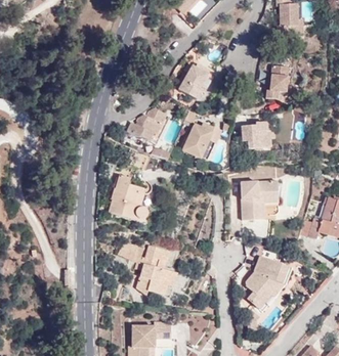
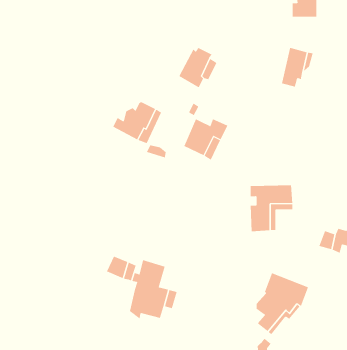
building: [247,125,278,150] -> none
building: [109,175,147,220] -> none

